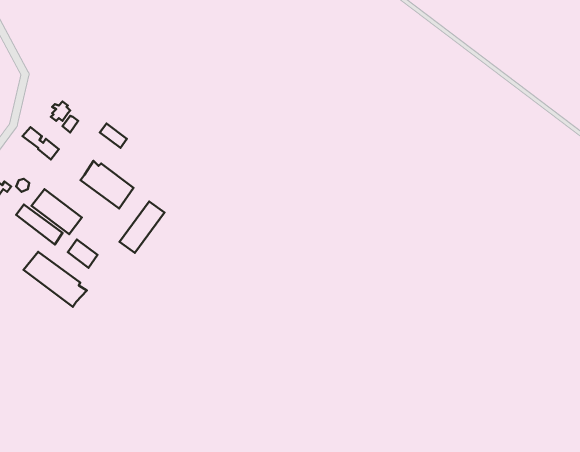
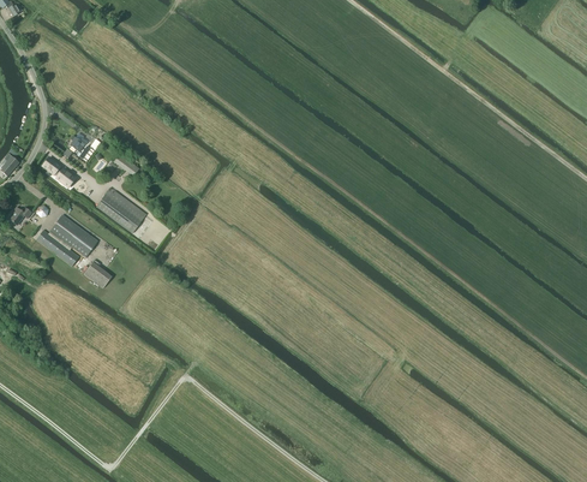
building: [120,201,164,253] -> none
building: [23,252,87,307] -> none

